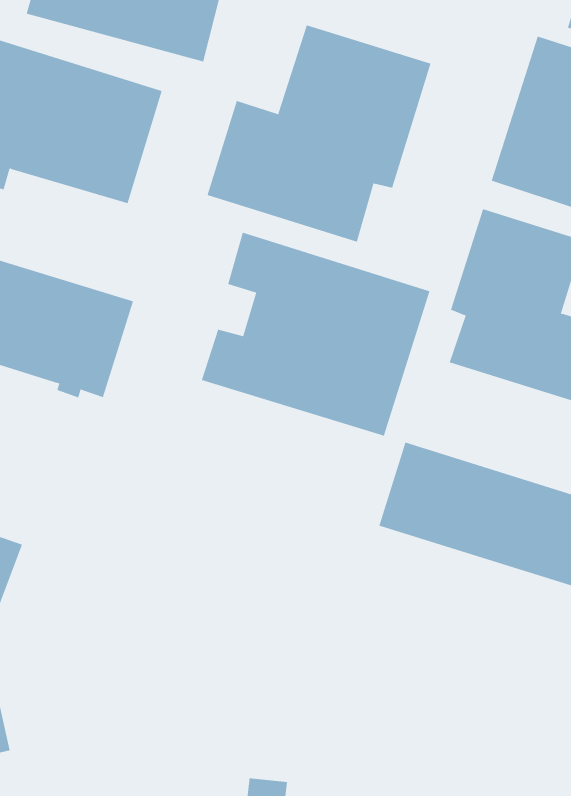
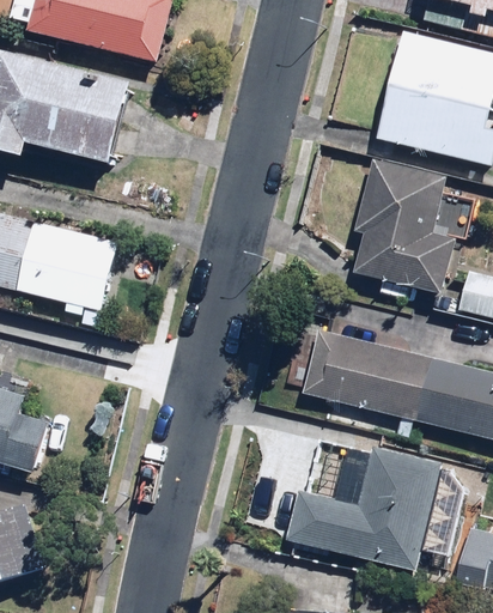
building: [207,24,431,243] -> none
building: [201,232,430,437] -> none
building: none -> [287,443,439,573]

